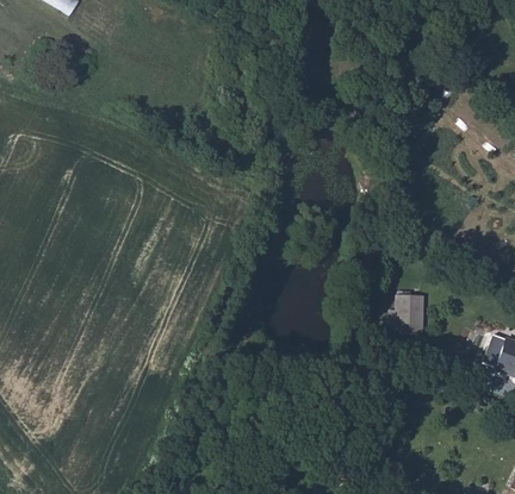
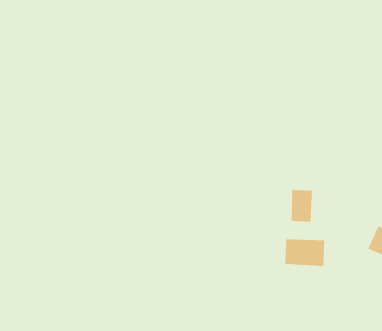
building: none -> [285,239,325,267]

